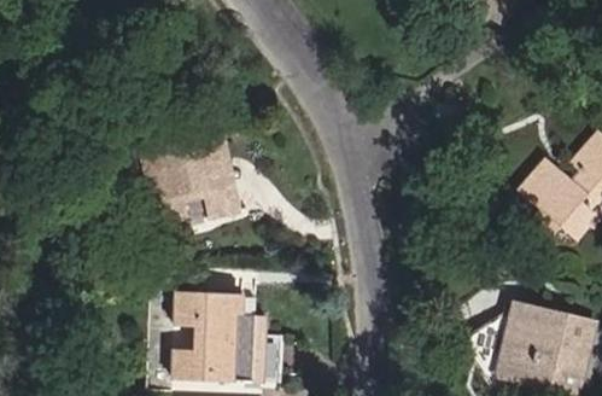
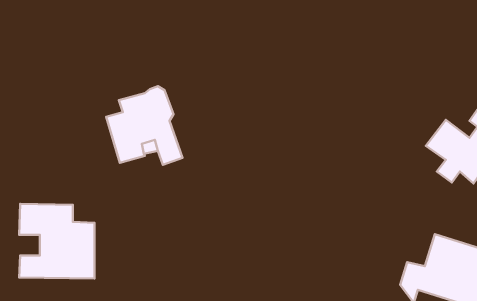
building: [175,290,267,380] -> [19,204,95,278]
building: [480,309,539,371] -> none

